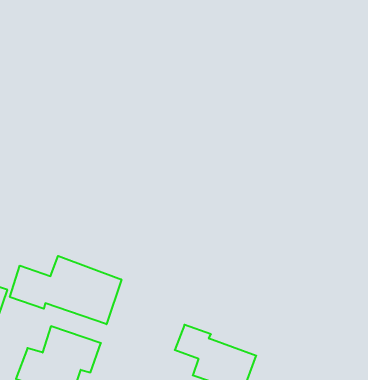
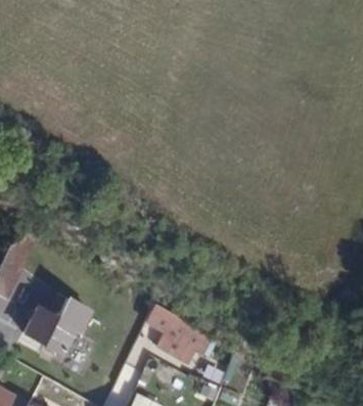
building: [10,256,121,324] -> none

